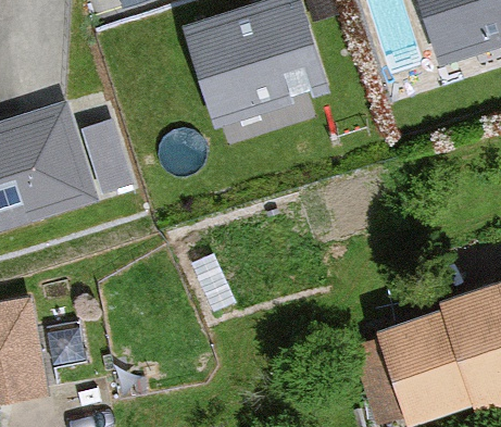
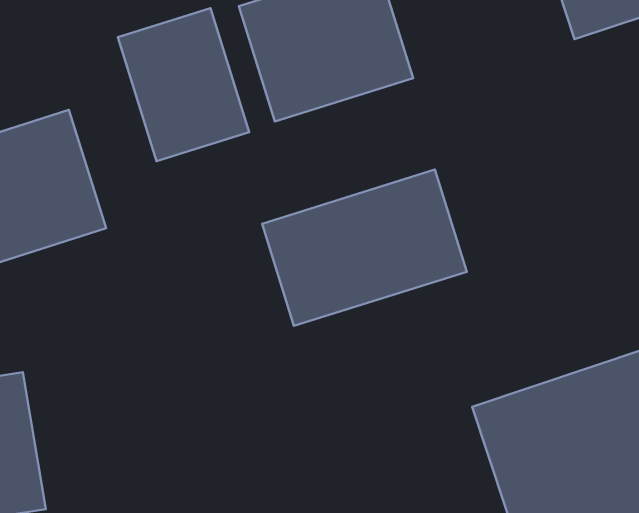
building: none -> [118,8,249,161]
building: none -> [262,170,467,326]

